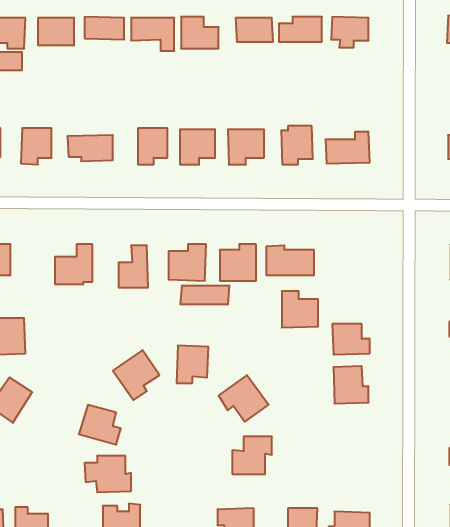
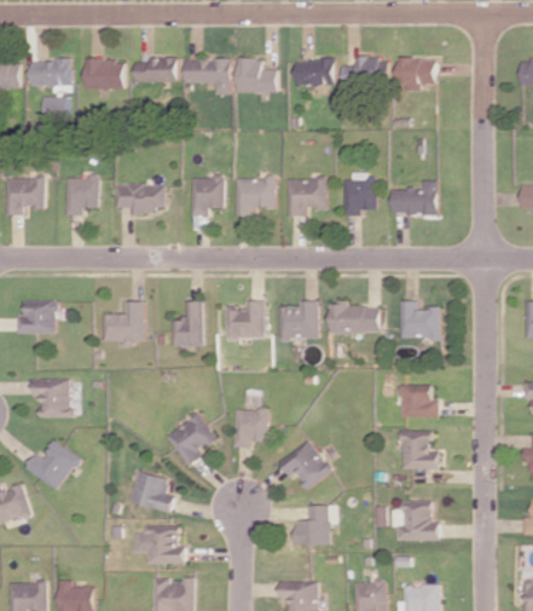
building: [181,285,229,305] -> none
building: [282,291,318,328] -> [400,300,439,339]
building: none -> [390,500,439,541]

